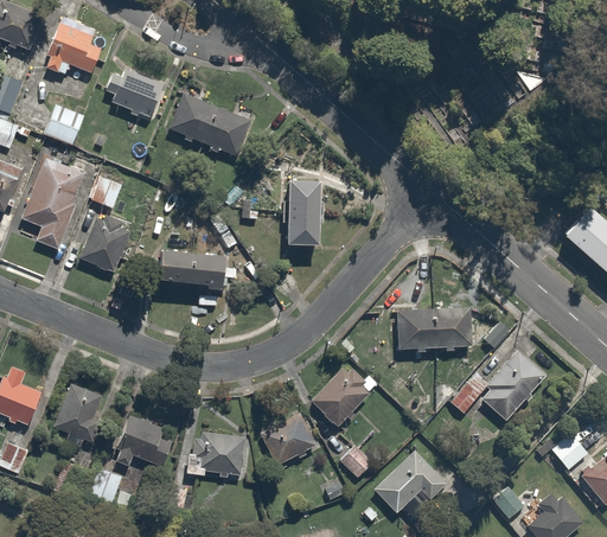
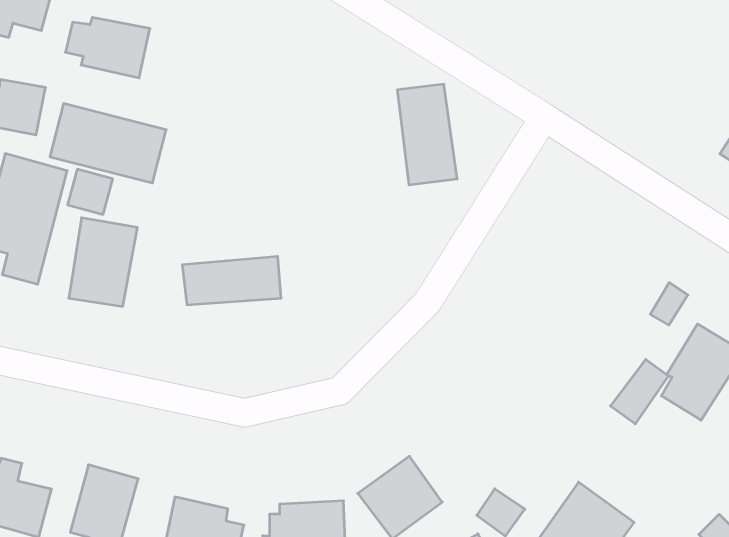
building: [171,92,255,158] -> [50,104,166,183]
building: [286,177,321,245] -> [397,84,457,185]
building: [396,307,473,350] -> none
building: [311,366,379,426] -> none

